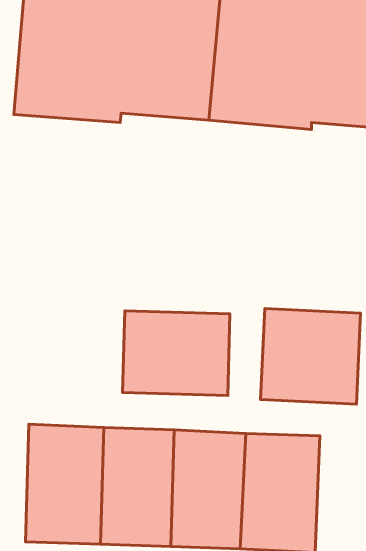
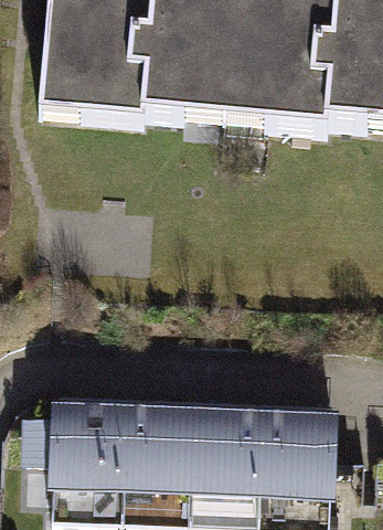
building: [261,309,360,404] -> none
building: [123,311,230,396] -> none

